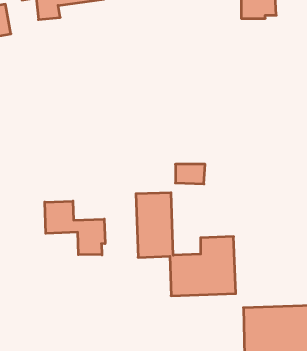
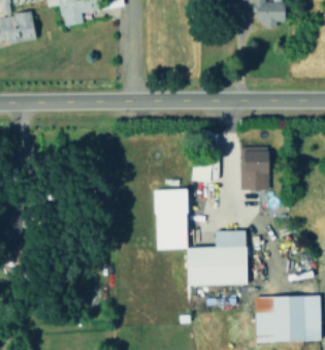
building: none -> [240,147,270,190]
building: [45,201,105,255] -> none

